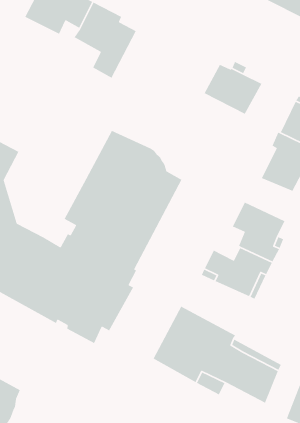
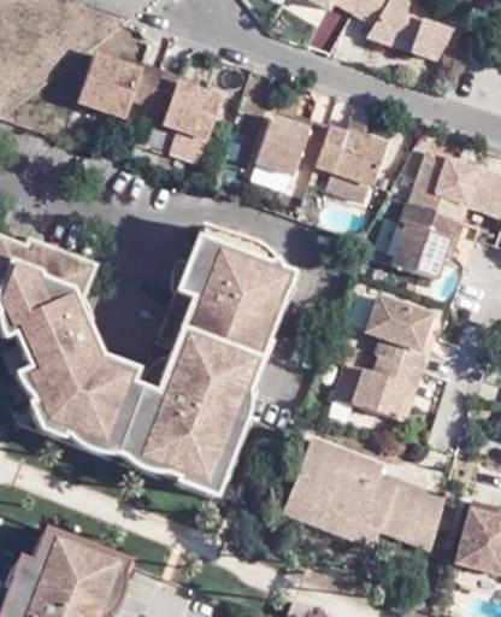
building: none -> [249,113,325,176]

